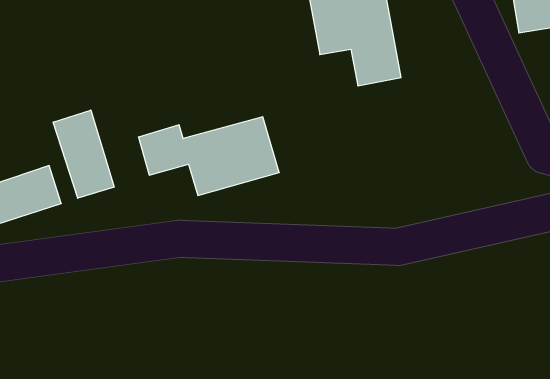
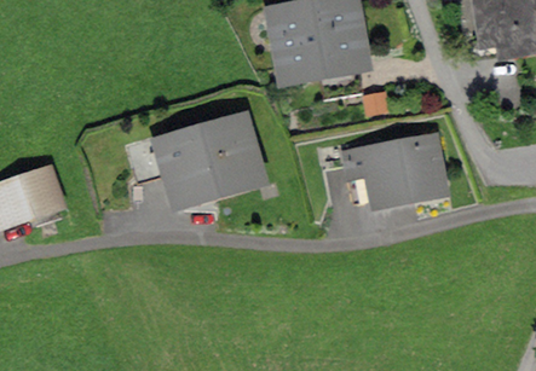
building: [53,110,114,198] -> none
building: none -> [347,132,443,196]

